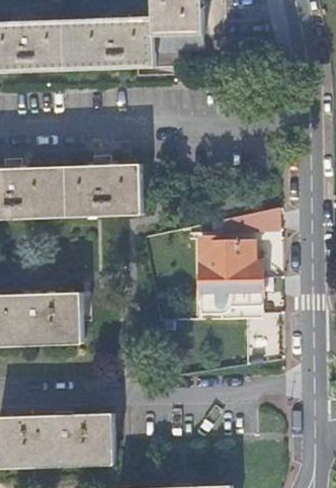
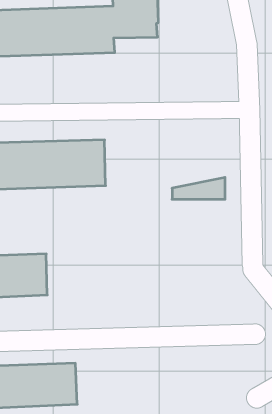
building: [196,237,260,313] -> none

